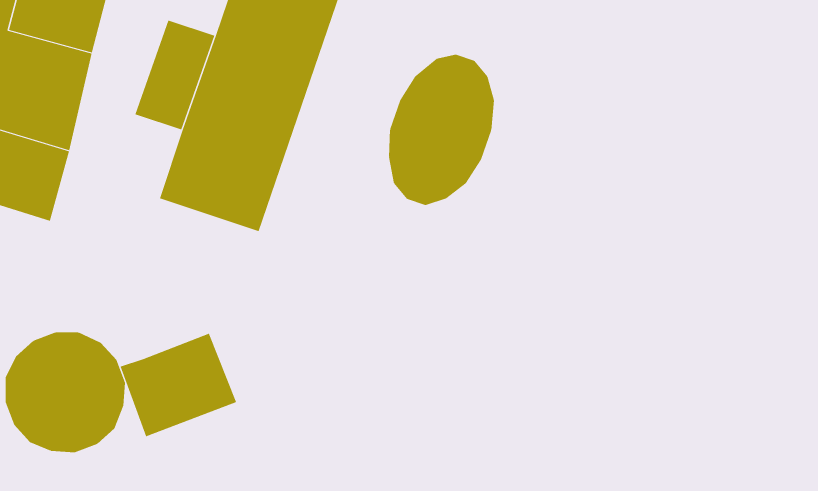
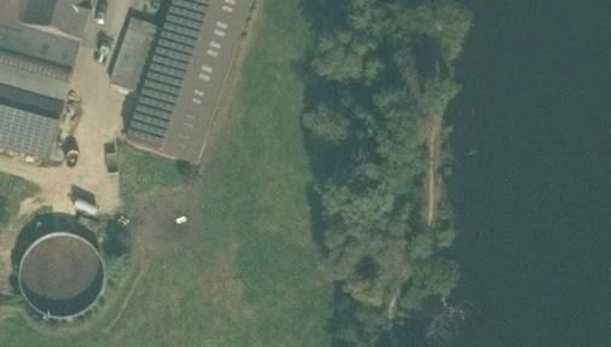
building: [389,54,494,206] -> none
building: [120,333,237,437] -> none

